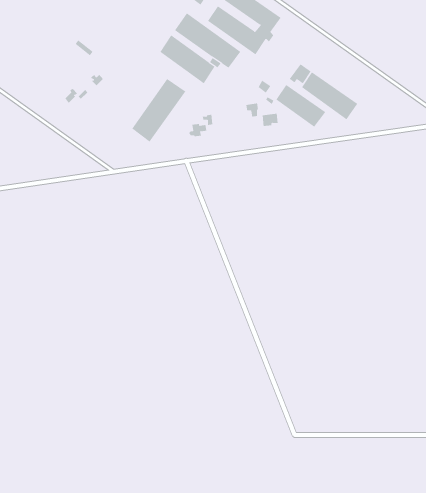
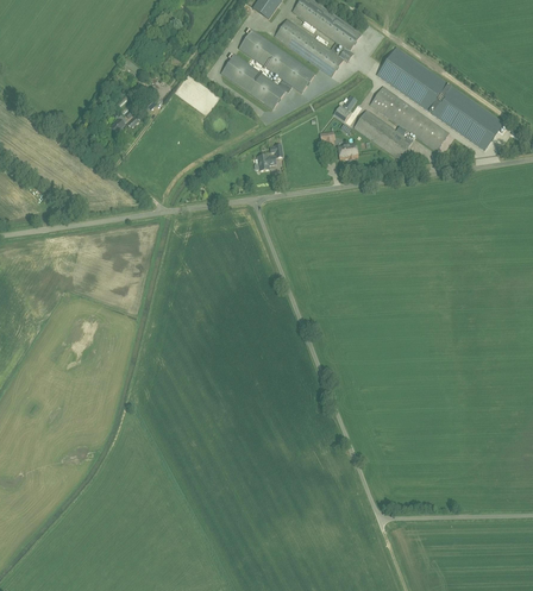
building: none -> [376,48,502,150]
building: [131,78,186,142] -> none

